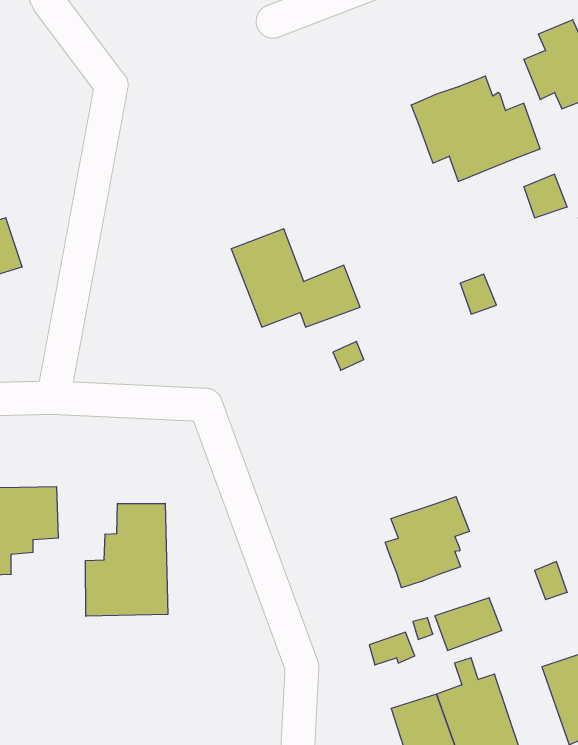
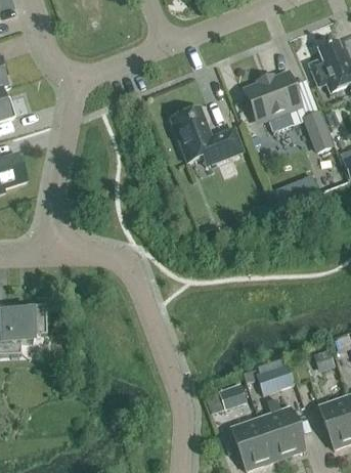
building: [231,229,360,327] -> [170,105,243,161]
building: [385,496,469,588] -> none
building: [86,503,168,616] -> none

